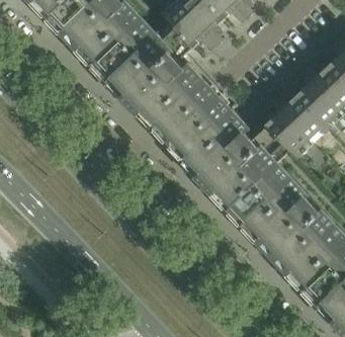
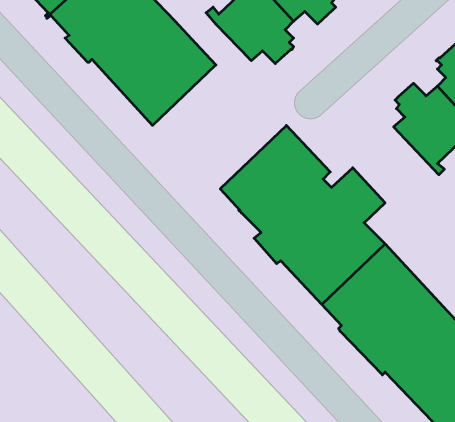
building: [118,21,217,140] -> none
building: [263,92,326,158] -> none

